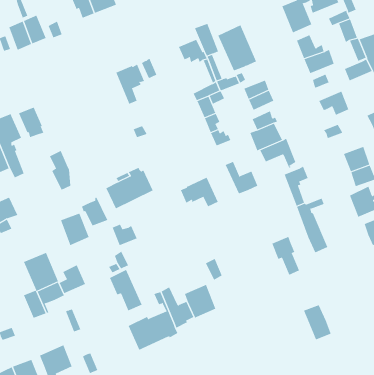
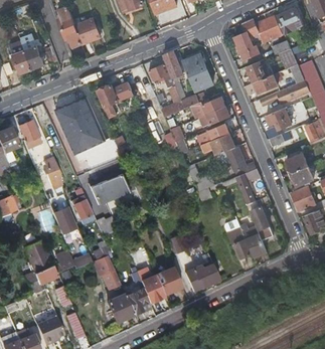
building: none -> [56,97,107,154]
building: [180,177,218,207] -> none
building: none -> [187,259,218,291]
building: [303,304,332,340] -> [242,227,266,256]

